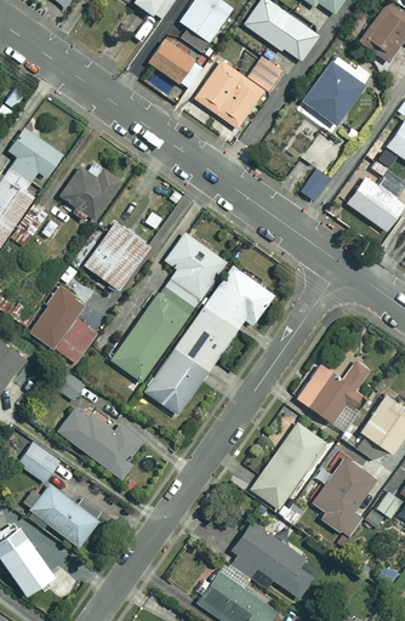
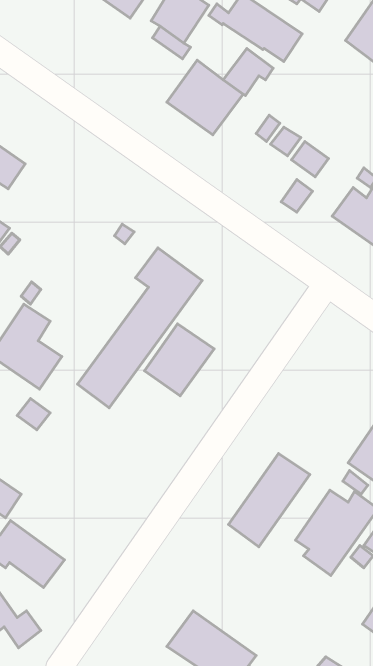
building: [149,39,204,90] -> none
building: [303,56,372,125] -> none
building: [59,161,121,221] -> none
building: [85,222,152,291] -> none
building: [204,264,273,326] -> none
building: [143,347,206,414] -> none
building: [297,361,371,422] -> none
building: [58,404,144,480] -> none
building: [232,522,319,598] -> none

